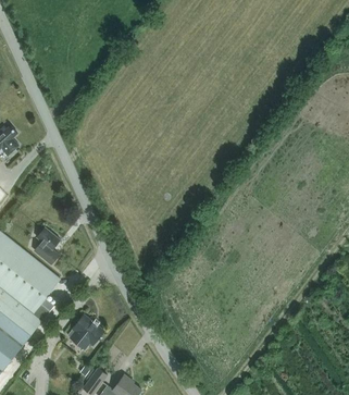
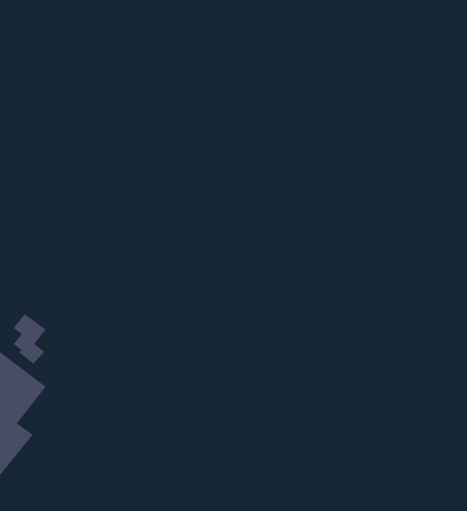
building: [68,314,104,349] -> none

